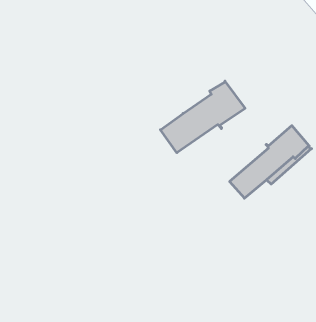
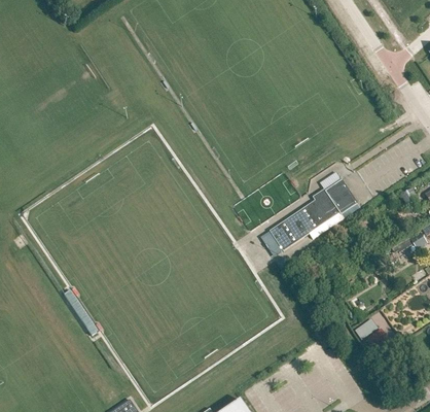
building: [160,81,245,153] -> none

